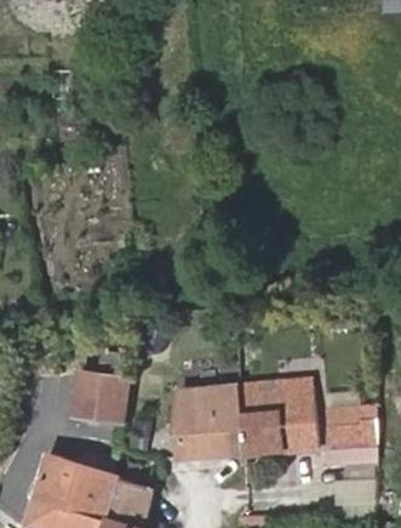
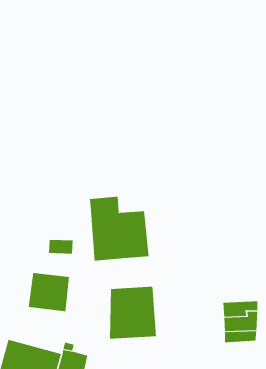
building: [235,368,315,454] -> [89,196,149,261]

